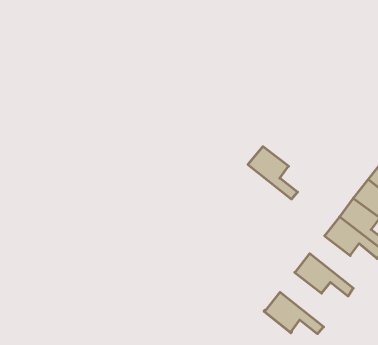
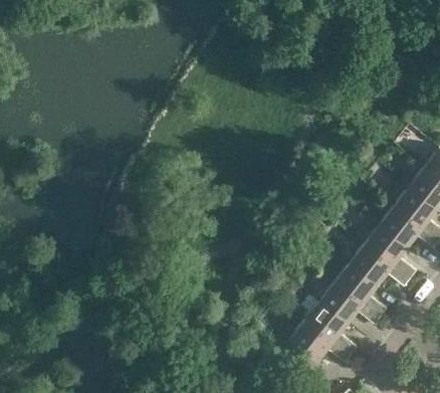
building: [248,147,298,199] -> [334,263,384,317]
building: none -> [303,301,354,356]

